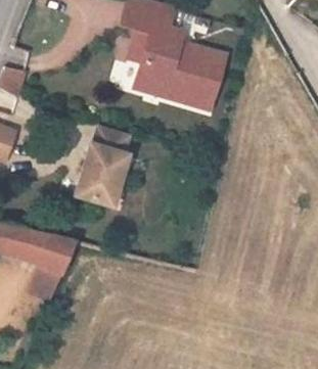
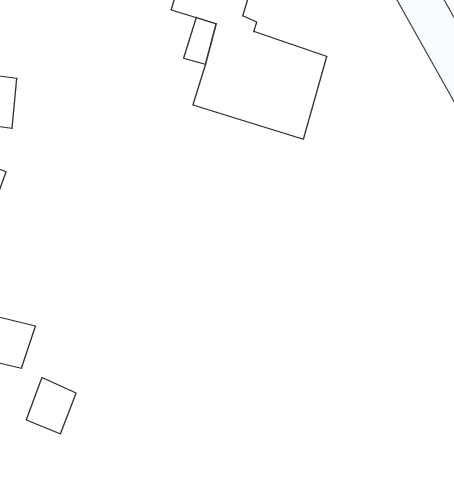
building: [78,128,131,206] -> none
building: [27,231,77,275] -> none

